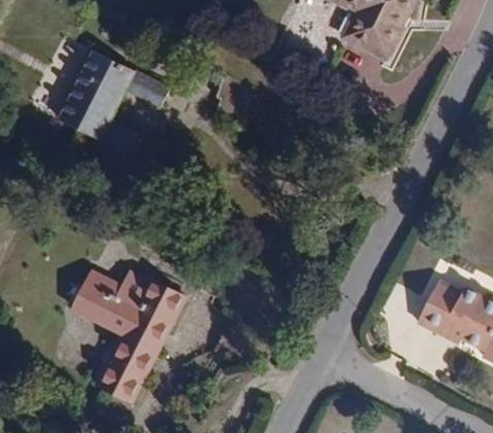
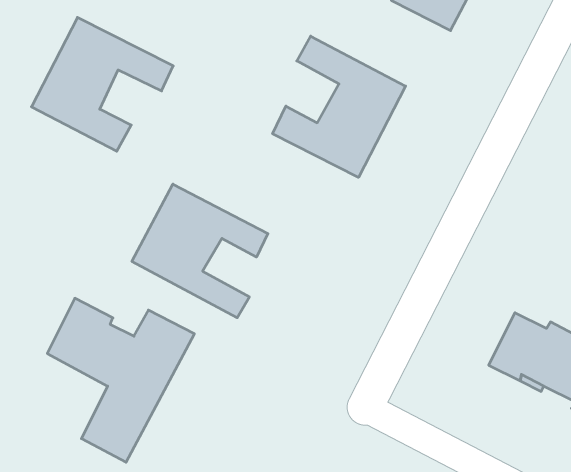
building: none -> [273,36,406,177]
building: none -> [132,184,268,318]

